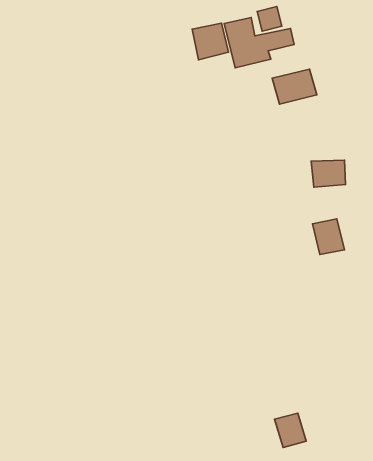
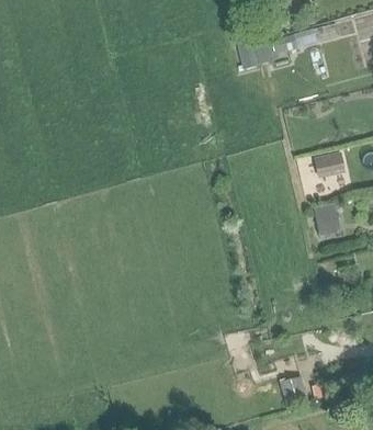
building: [192,23,229,60] -> none
building: [272,69,317,104] -> none

